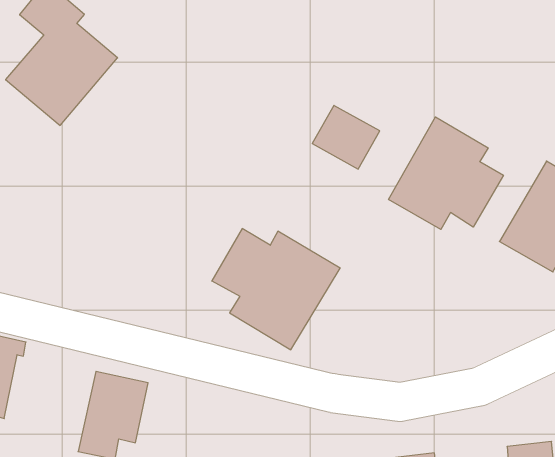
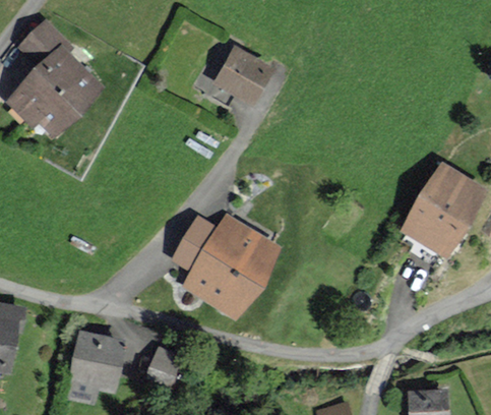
building: [312,105,380,169] -> [217,49,270,100]
building: [389,117,503,229] -> none
building: none -> [149,342,185,379]

